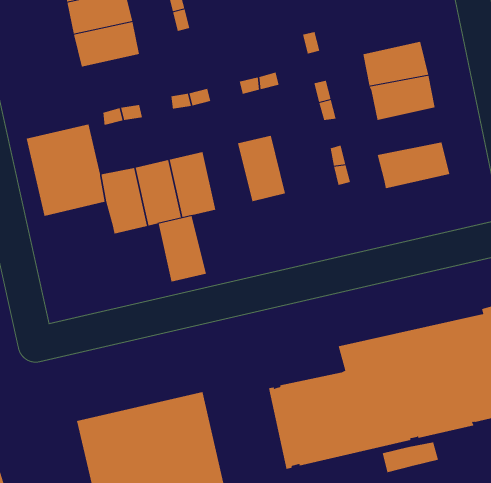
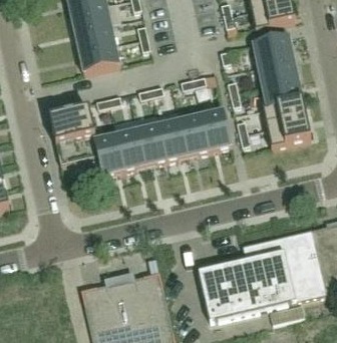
building: none -> [253,35,293,63]
building: none -> [263,96,306,125]
building: none -> [201,108,231,149]
building: [158,216,207,282] -> [158,118,189,159]

